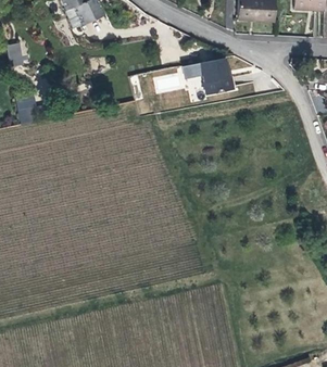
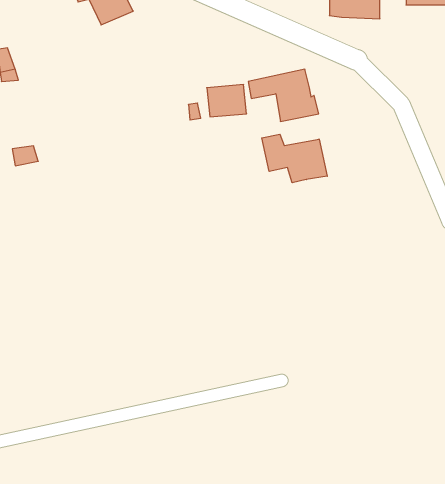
building: none -> [262,134,327,183]

